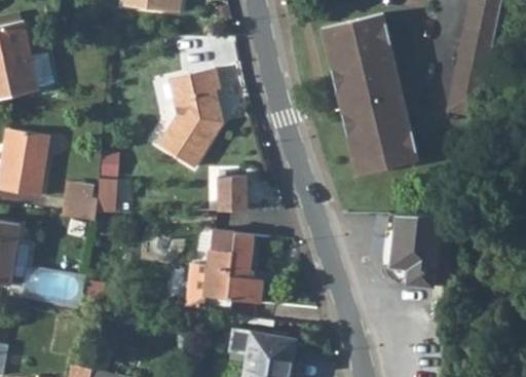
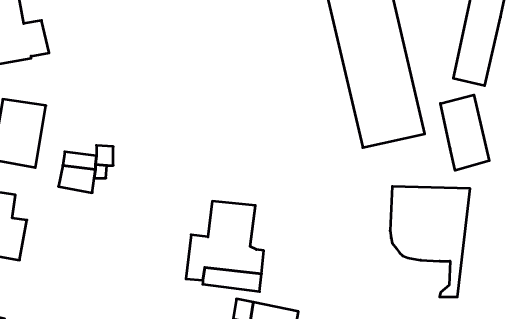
building: [160,68,225,165] -> none
building: none -> [440,95,489,170]
building: [217,173,248,213] -> none

